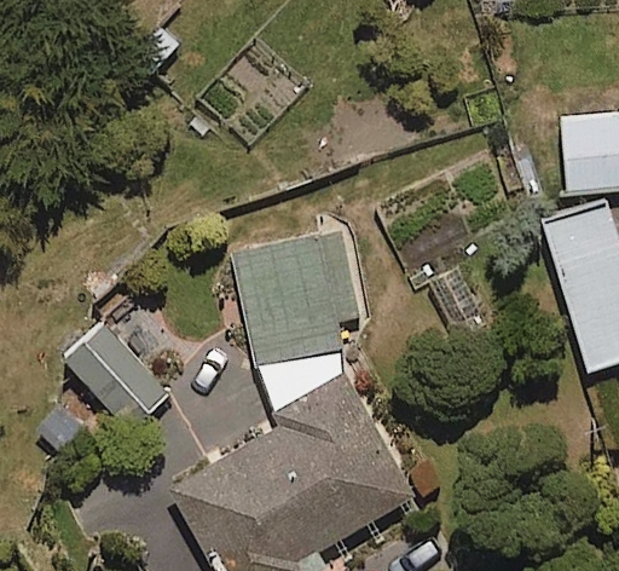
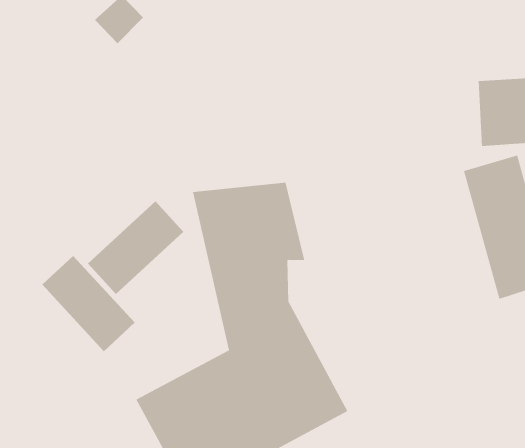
building: none -> [87,200,184,295]

